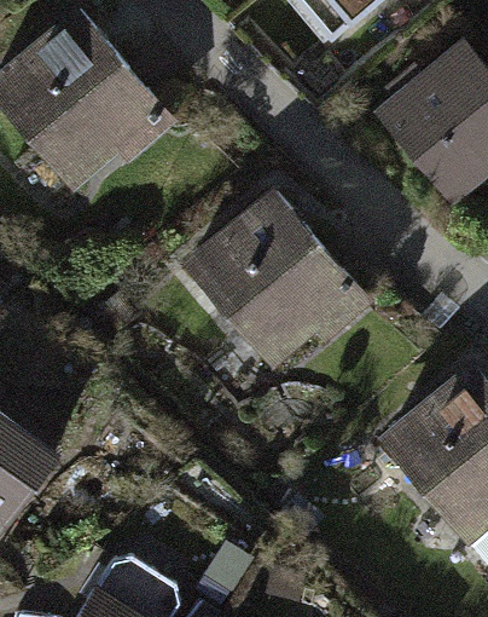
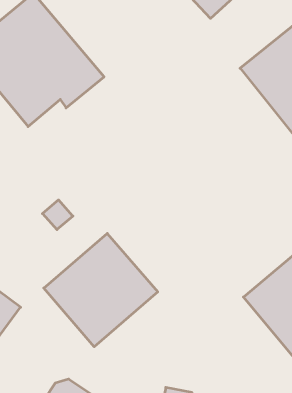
building: [179,185,373,369] -> none
building: none -> [44,233,158,347]

